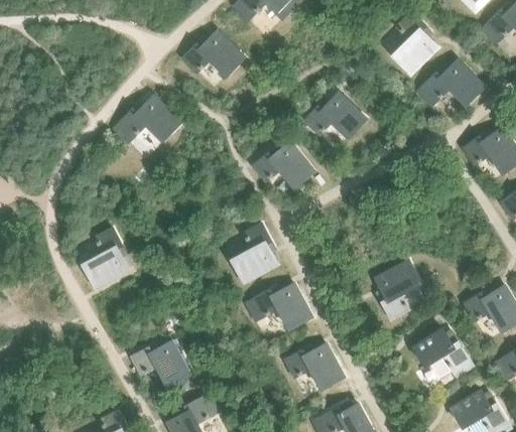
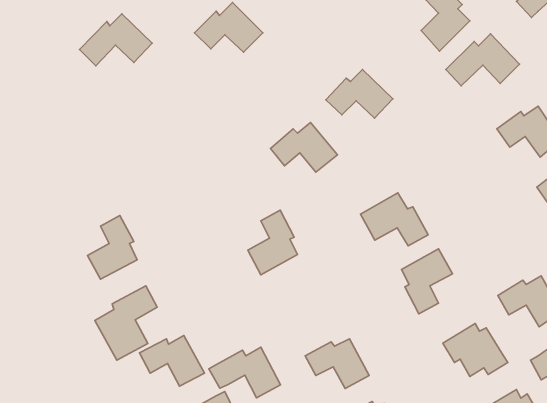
building: [113,96,180,144] -> [80,14,152,66]
building: none -> [361,193,428,246]
building: [245,283,311,330] -> [209,347,280,398]
building: none -> [95,286,157,360]

